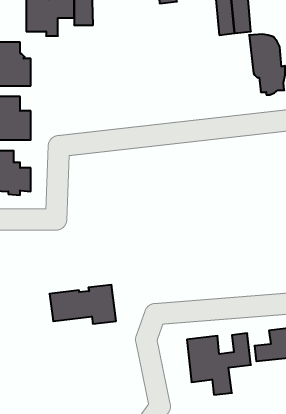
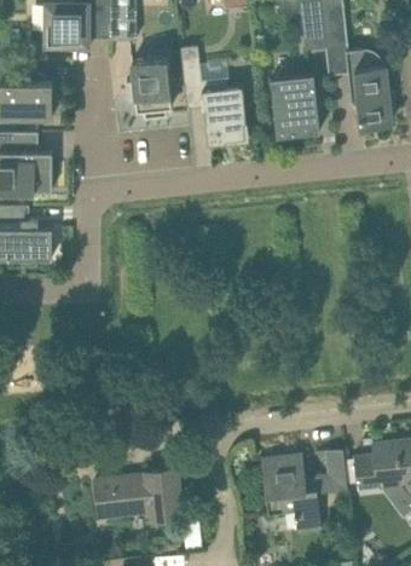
building: none -> [180,47,247,145]
building: none -> [127,58,172,119]
building: none -> [271,75,318,137]
building: [49,285,116,324] -> [93,469,183,521]

